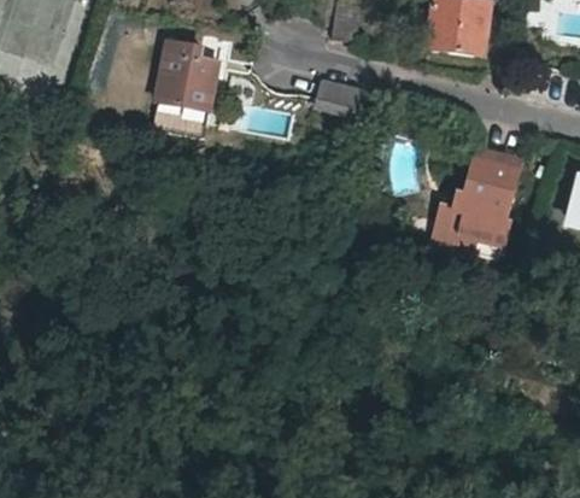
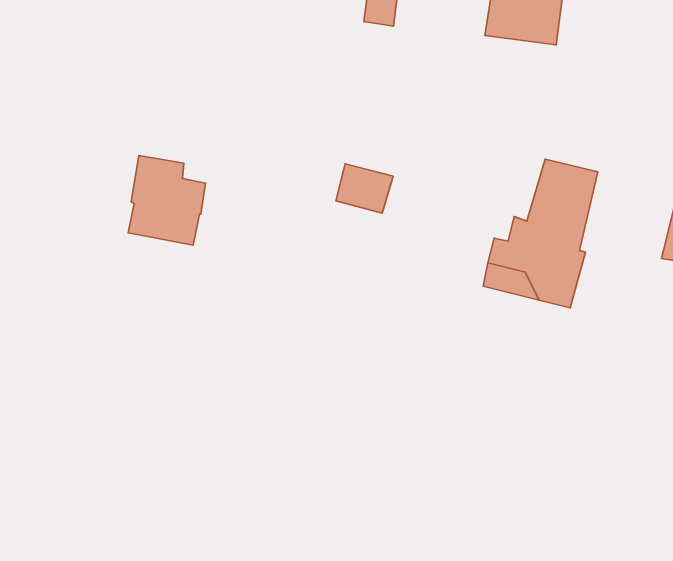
building: [160,41,221,111] -> [128,155,206,245]
building: [318,77,363,116] -> [336,164,393,213]

